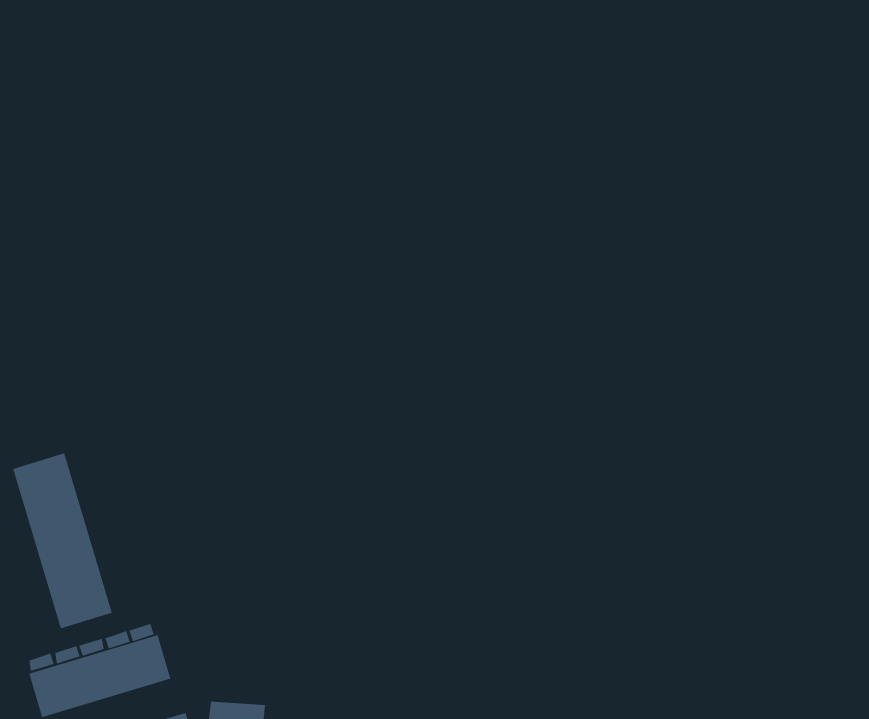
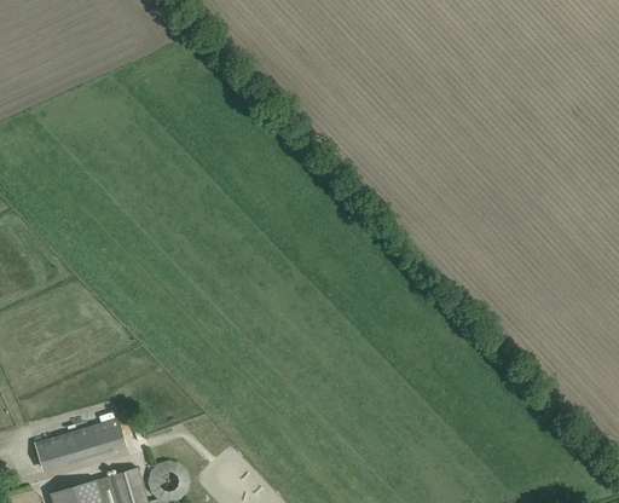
building: [12,453,113,629] -> none

